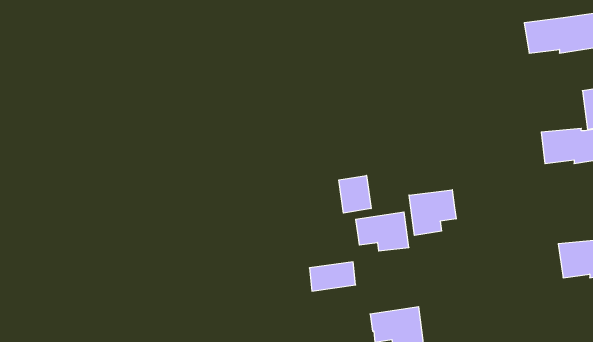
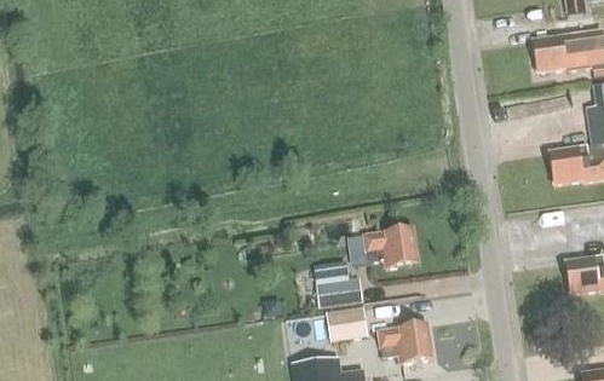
building: [339,175,371,213] -> none
building: [409,190,456,235] -> none
building: none -> [327,305,368,340]

